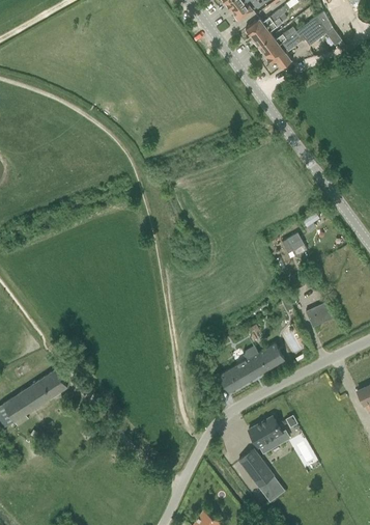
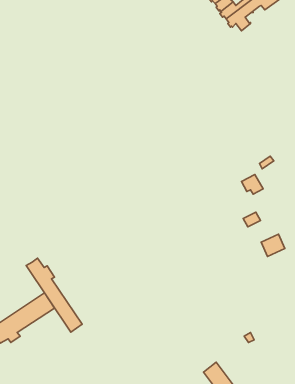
building: none -> [26,258,82,332]
building: [219,344,285,393] -> none
building: [248,417,282,452] -> none

